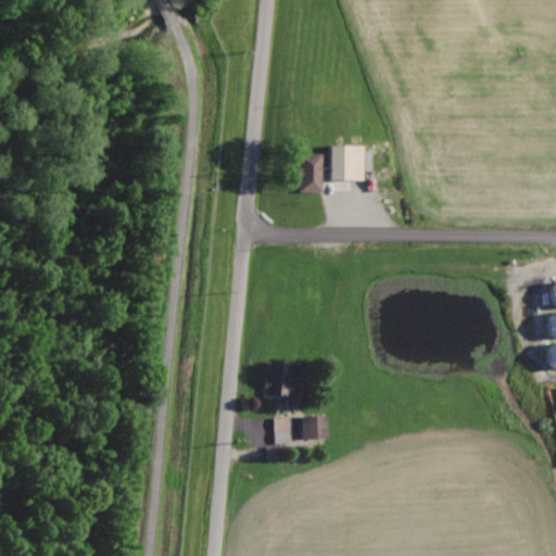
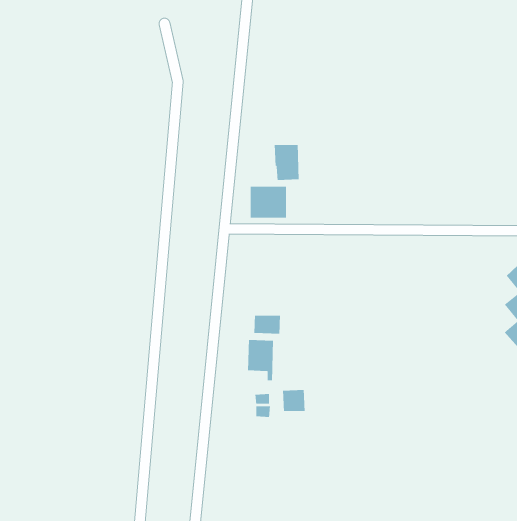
building: [327,146,366,180] -> [250,186,287,218]
building: none -> [254,315,281,334]

